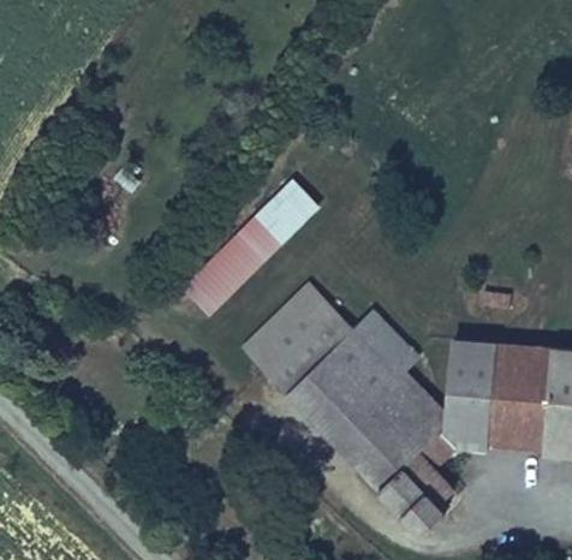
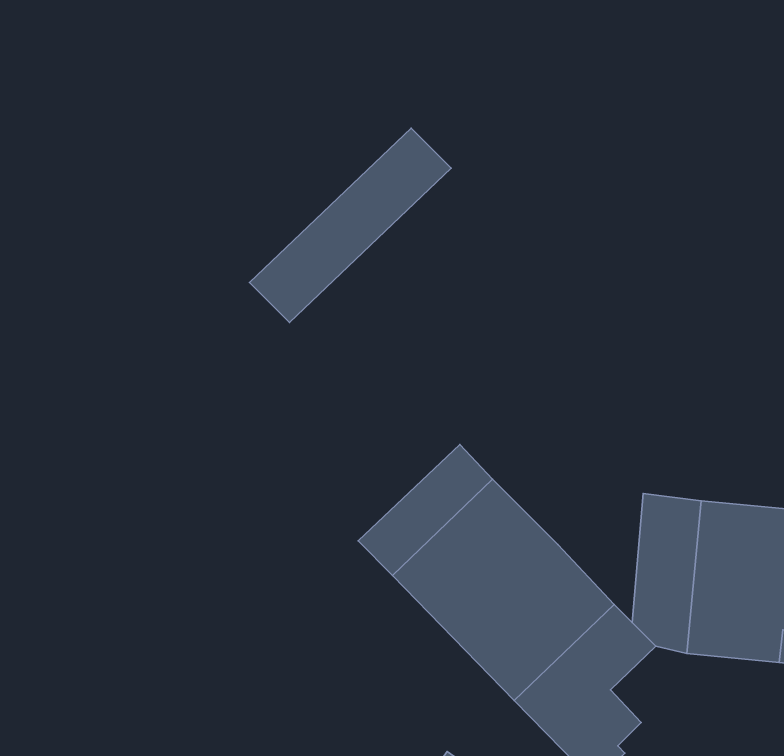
building: [187,179,321,308] -> [249,128,451,322]
building: [243,284,330,370] -> none
building: [352,309,416,373] -> none

